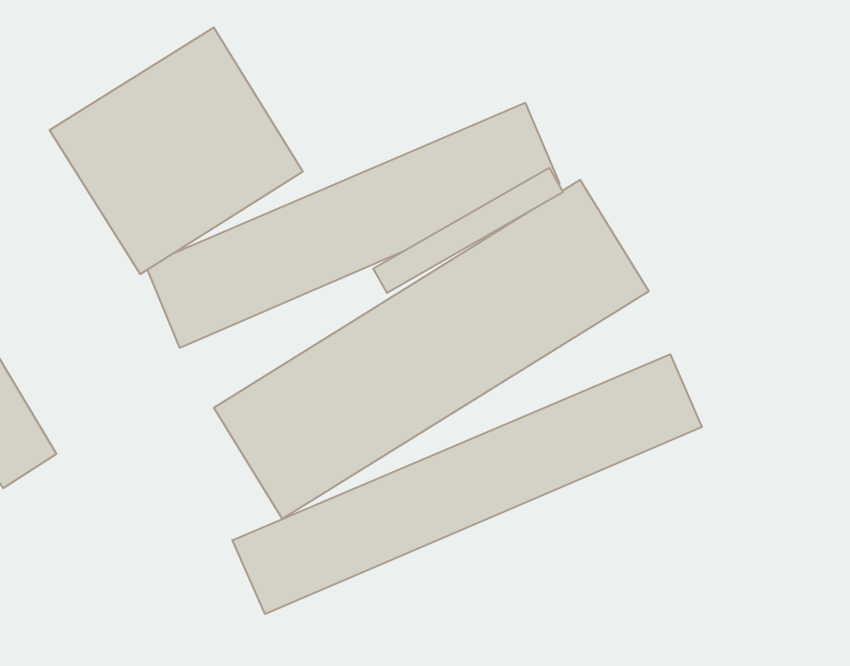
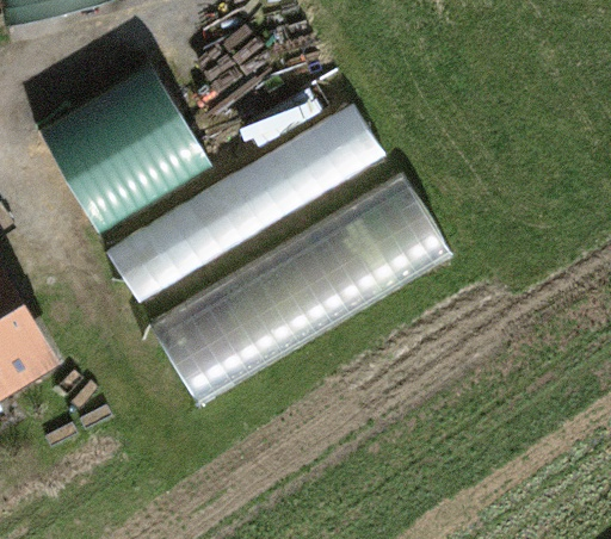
building: [232,354,702,614] -> none

